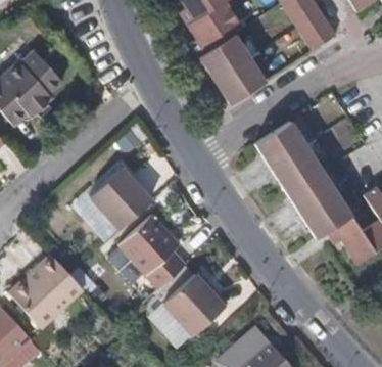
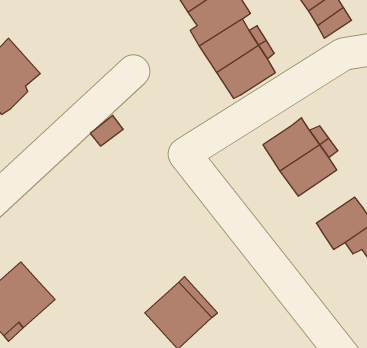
building: [85,165,147,228] -> none
building: [296,172,347,220] -> none
building: [115,216,182,288] -> none

